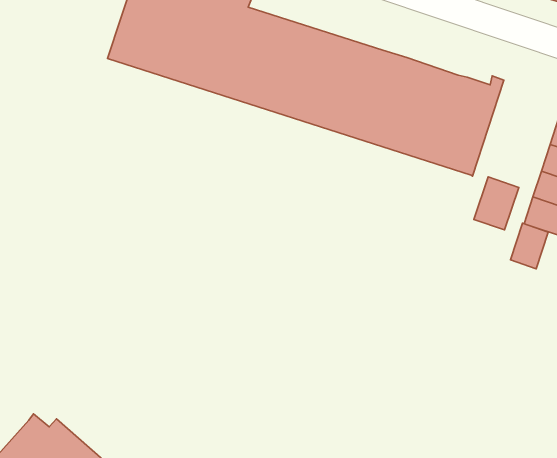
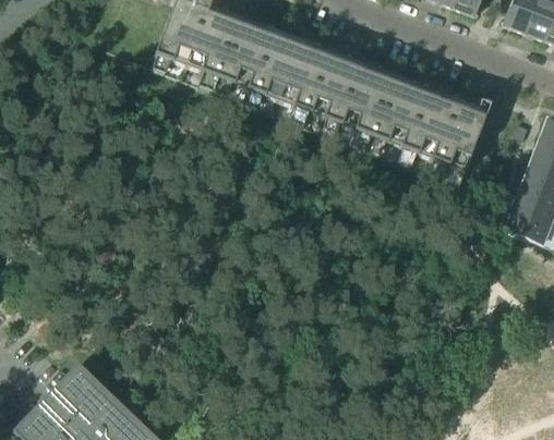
building: [474,177,519,230] -> none
building: [510,223,548,269] -> none

